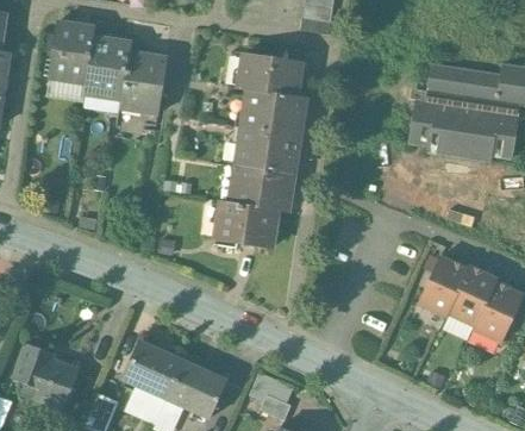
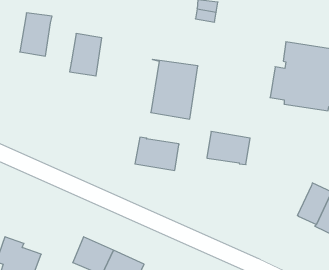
building: [85,36,131,93] -> none
building: [238,52,304,98] -> none
building: [230,164,292,212] -> [207,131,250,165]
building: [417,256,467,316] -> none

